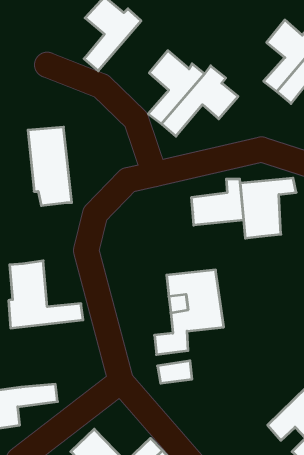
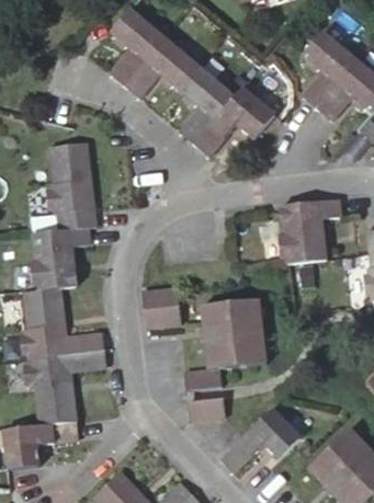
building: none -> [124,33,199,96]
building: [192,179,244,225] -> none
building: none -> [37,228,92,294]
building: none -> [140,288,179,329]
building: none -> [30,354,109,426]
building: none -> [219,405,299,473]

